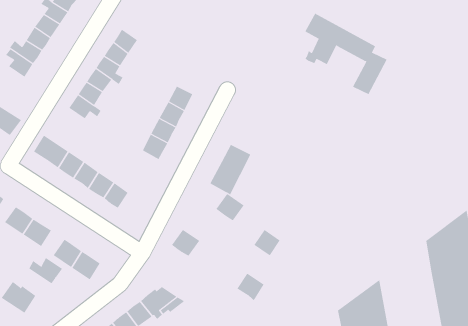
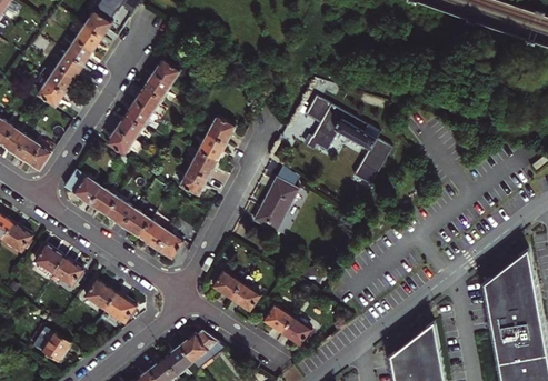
building: [304,13,387,95] -> [305,94,393,182]
building: none -> [155,225,183,259]
building: [215,193,245,221] -> [230,282,261,312]
building: [254,229,281,256] -> [263,304,292,333]
building: [29,257,63,284] -> none

